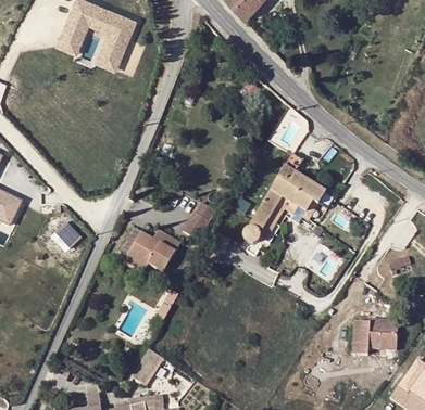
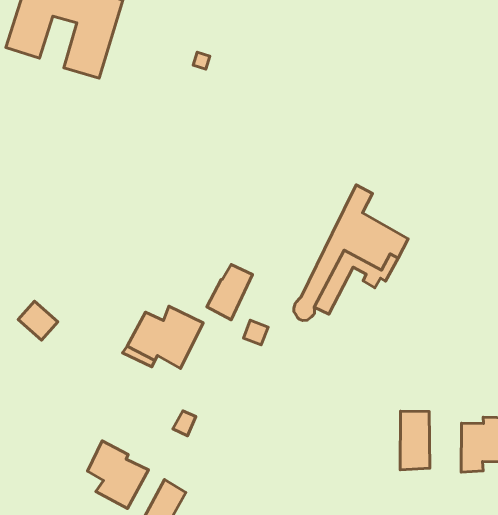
building: none -> [400,411,430,470]
building: none -> [87,441,149,509]

